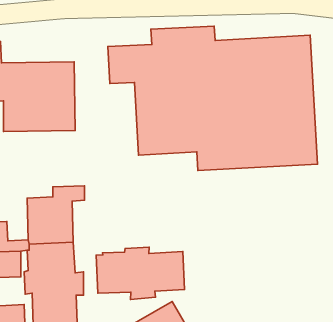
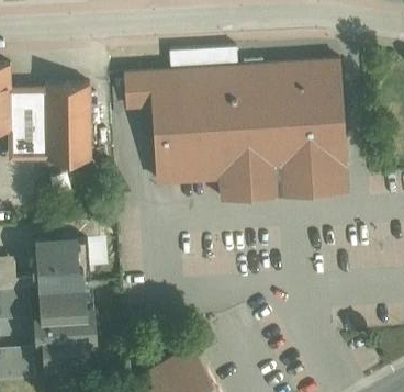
building: [96,247,185,299] -> none

